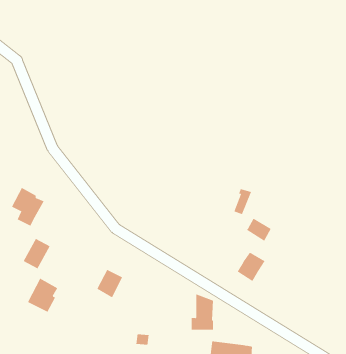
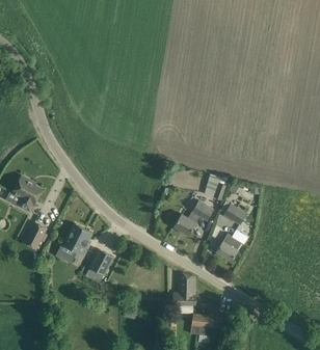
building: none -> [172,200,213,236]
building: [27,278,58,312] -> [63,224,91,255]

